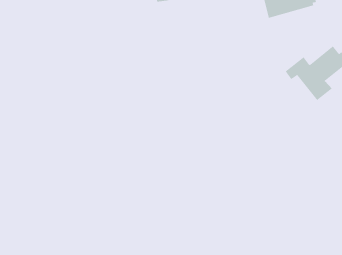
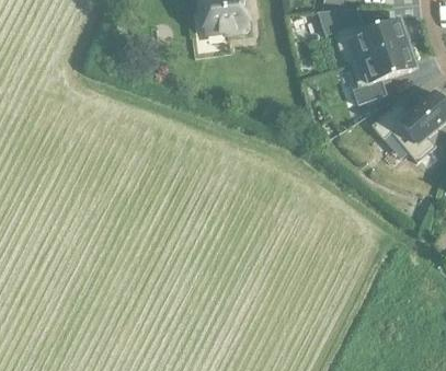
building: none -> [347,44,414,100]

